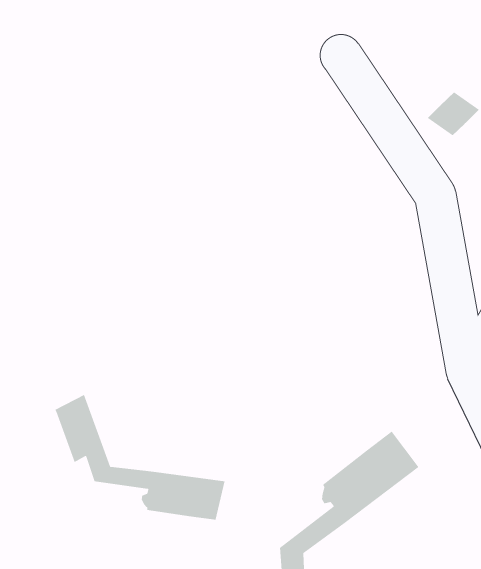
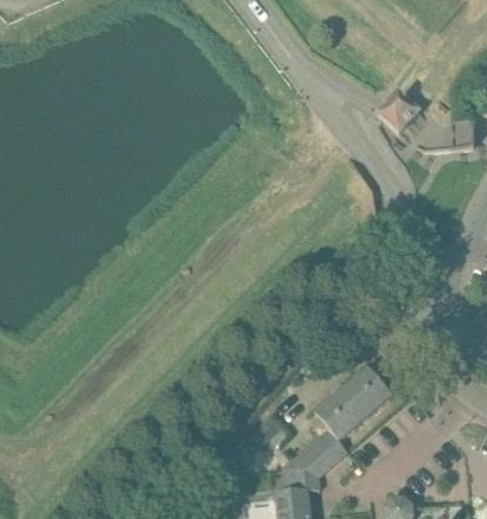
building: [54,394,226,521] -> none

